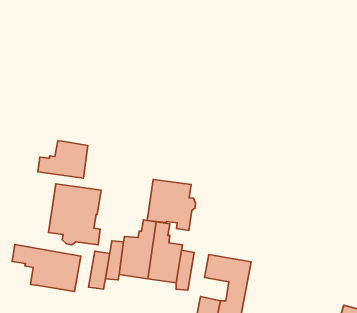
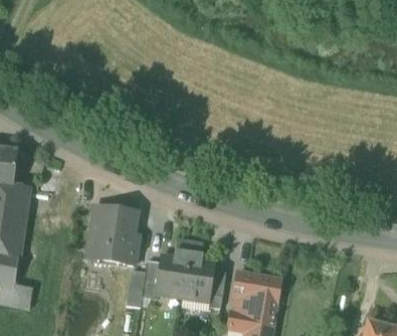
building: [38,141,88,178] -> none
building: [147,179,196,231] -> none
building: [12,244,81,291] -> none

